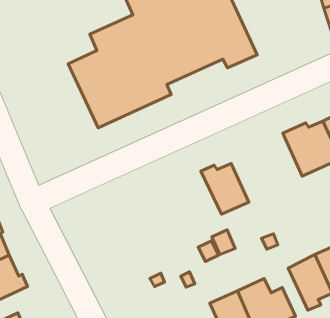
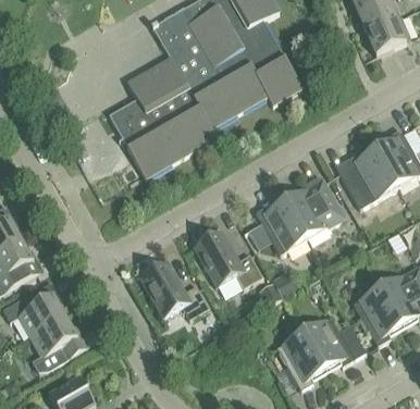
building: none -> [285,175,344,239]
building: none -> [195,231,262,288]
building: none -> [140,262,209,319]

